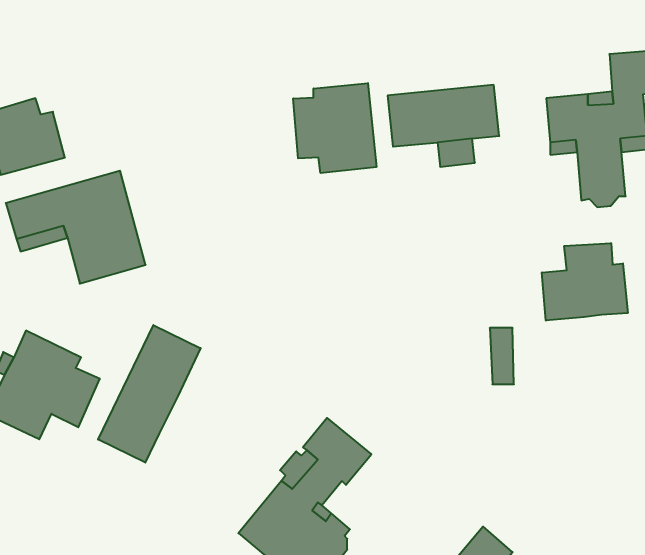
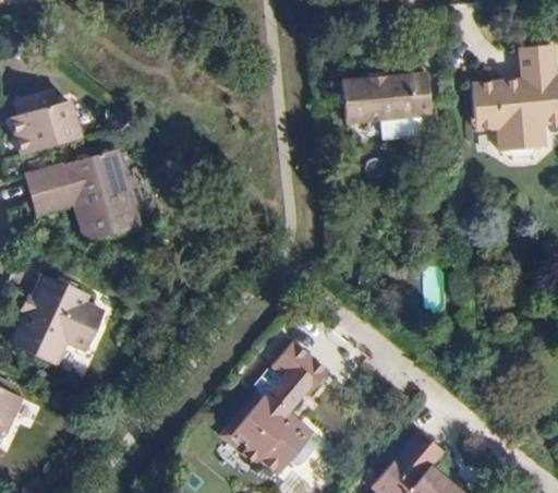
building: [293,83,376,173] -> none
building: [542,243,628,321] -> none
building: [98,325,201,463] -> none

